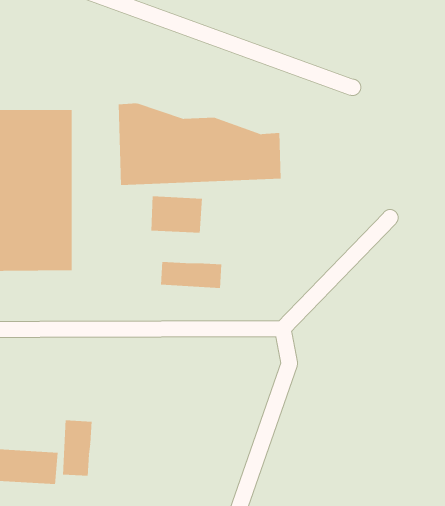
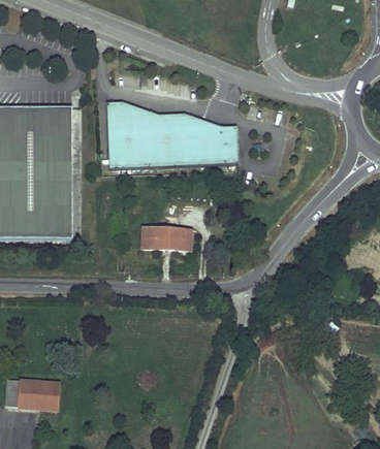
building: [151,195,202,234] -> none
building: [63,420,92,477] -> none

